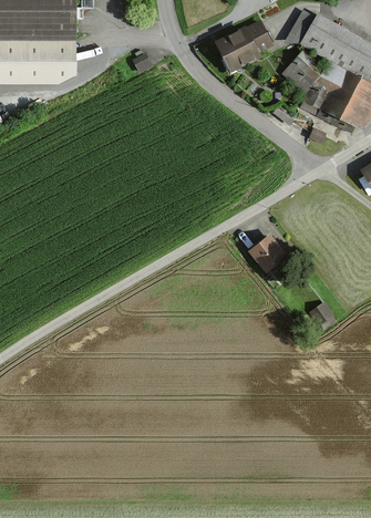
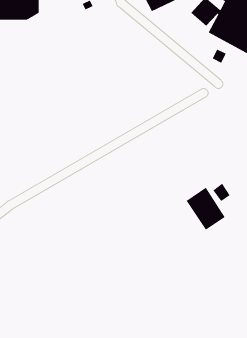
building: [250,235,287,271] -> none
building: none -> [186,187,226,231]

